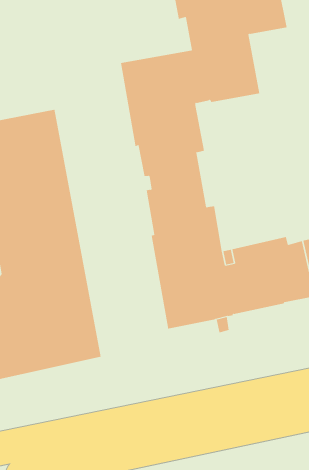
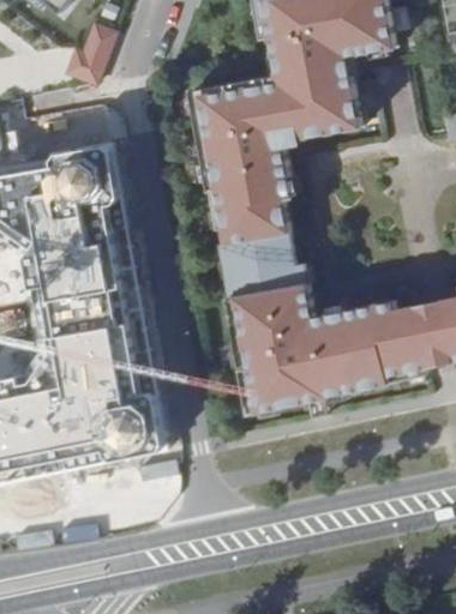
building: none -> [64,19,114,86]

